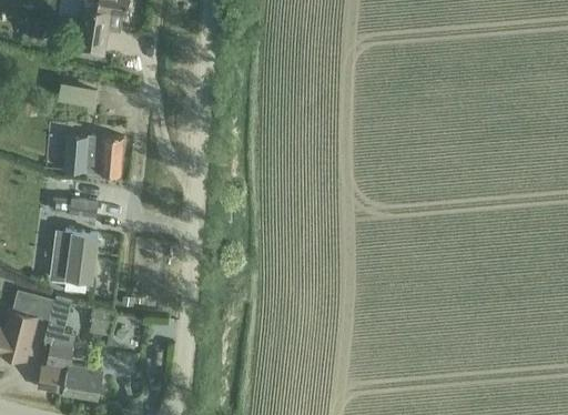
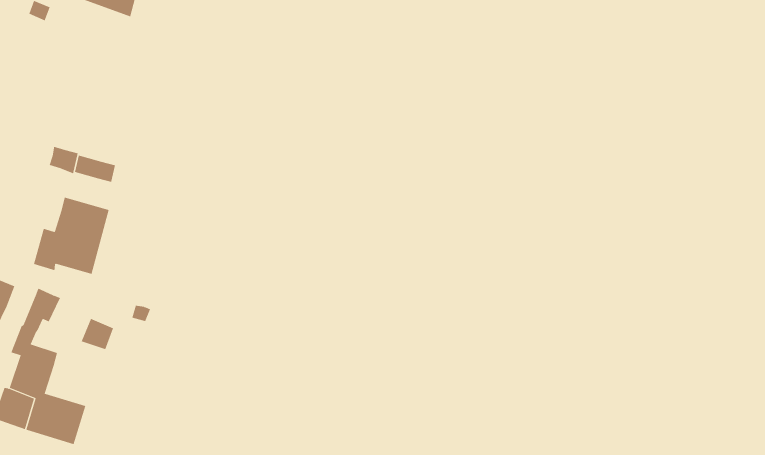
building: [63,135,123,176] -> none

